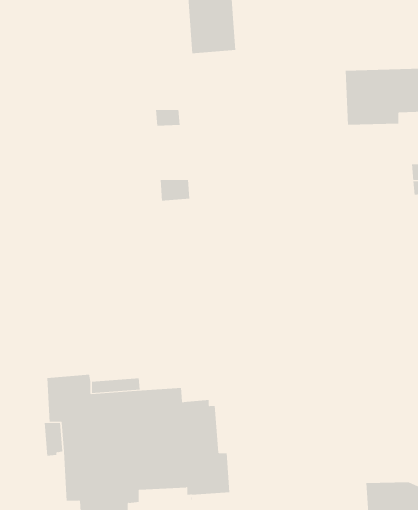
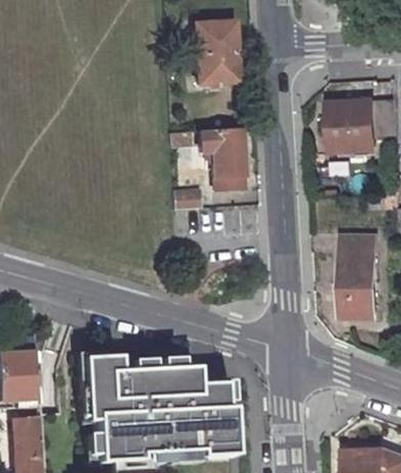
building: none -> [201,129,244,193]
building: none -> [343,233,378,314]

